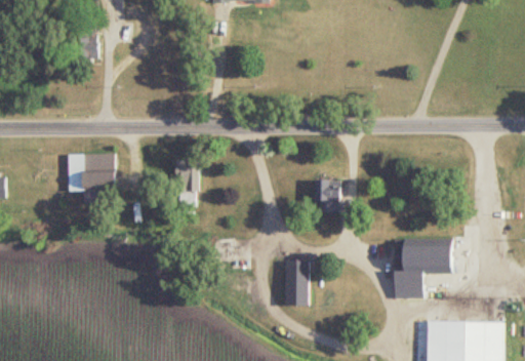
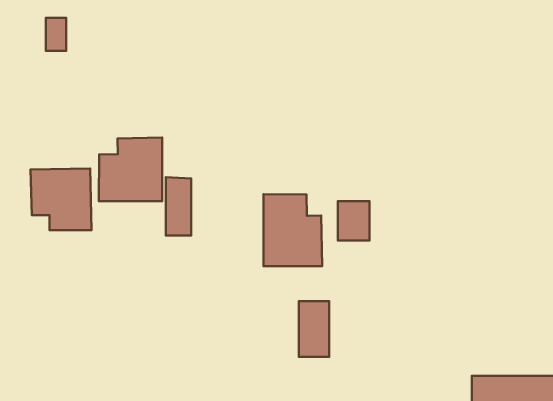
building: none -> [99,138,162,201]
building: none -> [264,194,322,266]
building: [394,237,451,298] -> none

